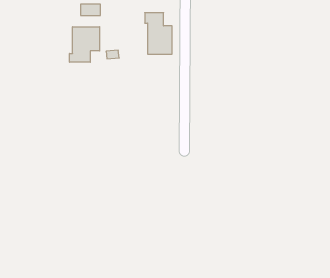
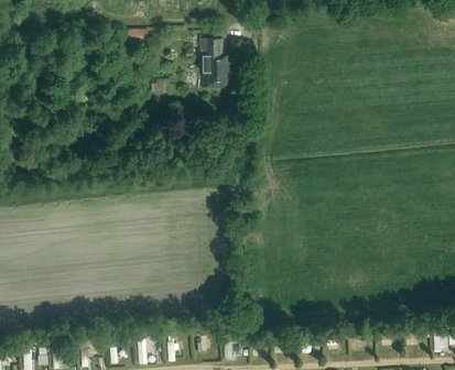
building: [70,27,100,62] -> none

